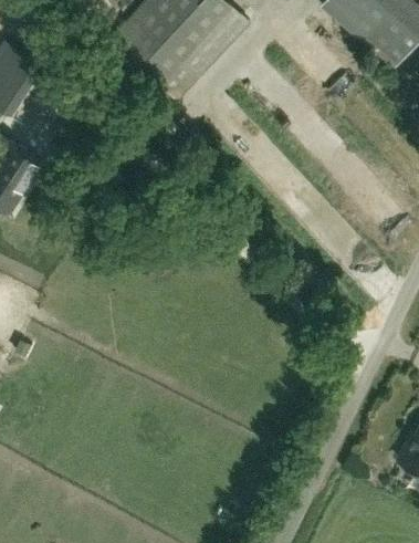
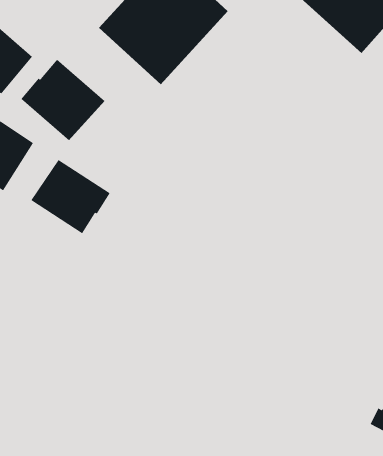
building: none -> [21,59,106,141]
building: none -> [30,159,110,234]

